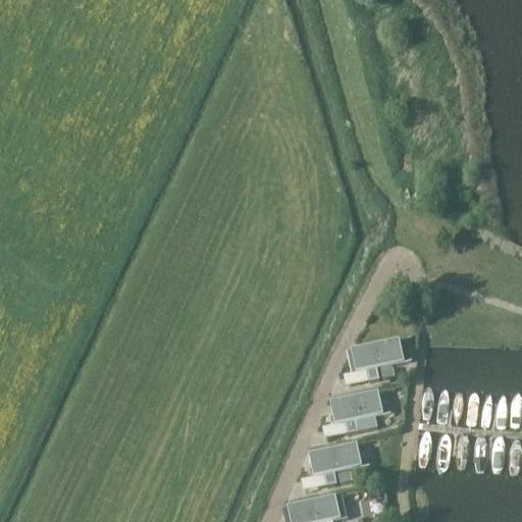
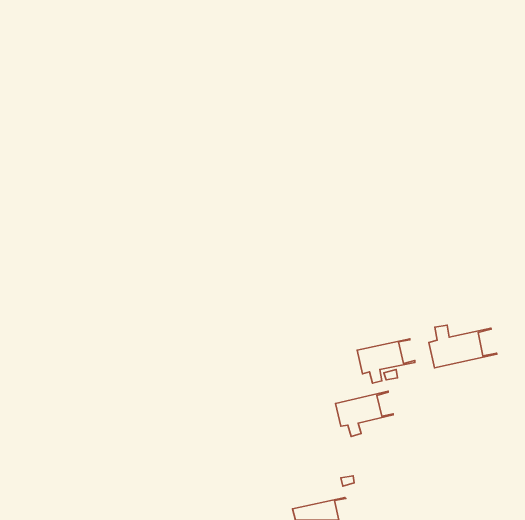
building: none -> [429,325,497,368]
building: [311,439,368,484] -> none

